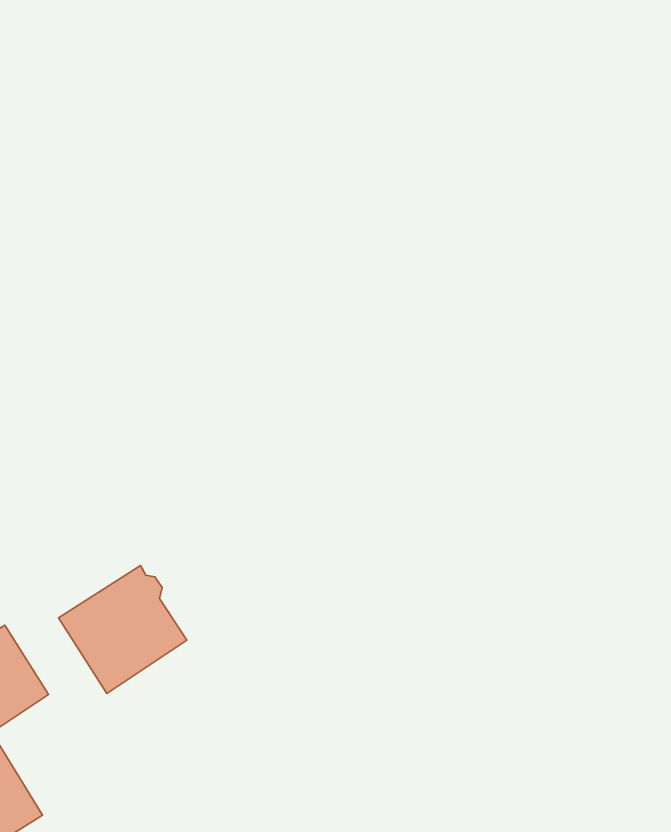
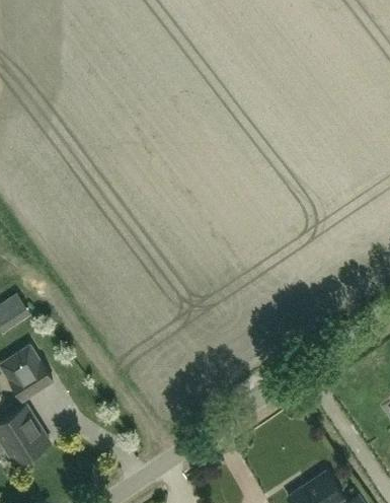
building: [58,565,187,693] -> none

